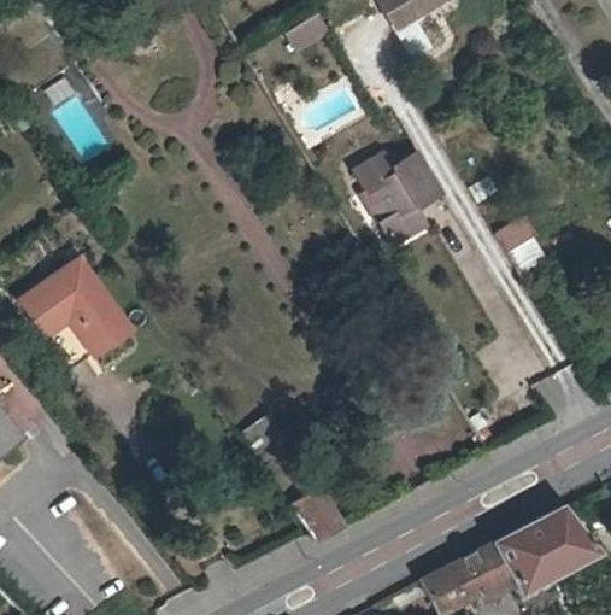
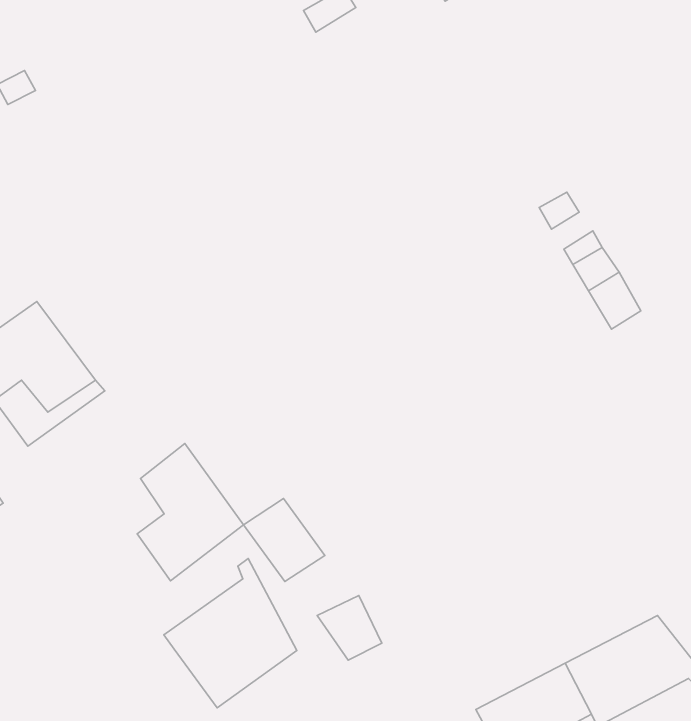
building: [357,151,445,244] -> none
building: none -> [137,443,243,581]
building: none -> [164,558,297,708]

